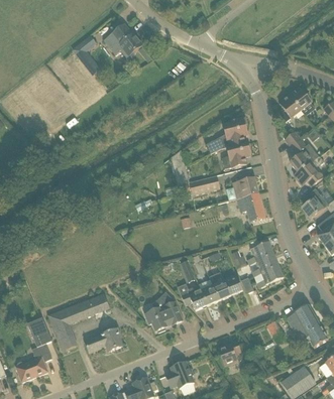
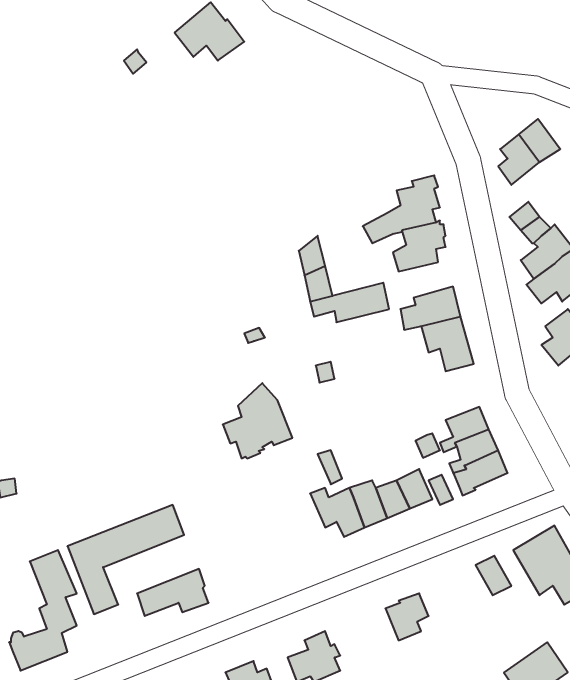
building: [145,291,183,331] -> [223,383,292,458]

